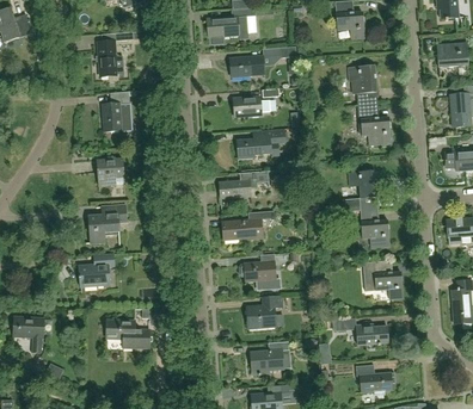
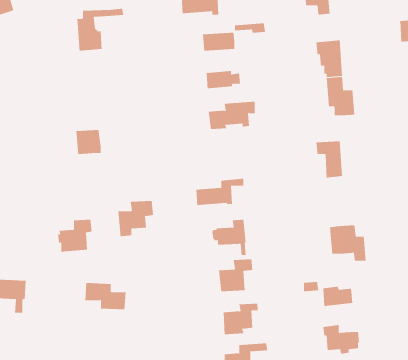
building: [102,91,133,131] -> none
building: [220,171,269,198] -> none
building: [87,205,125,243] -> [117,201,154,237]
building: [360,207,389,248] -> none

